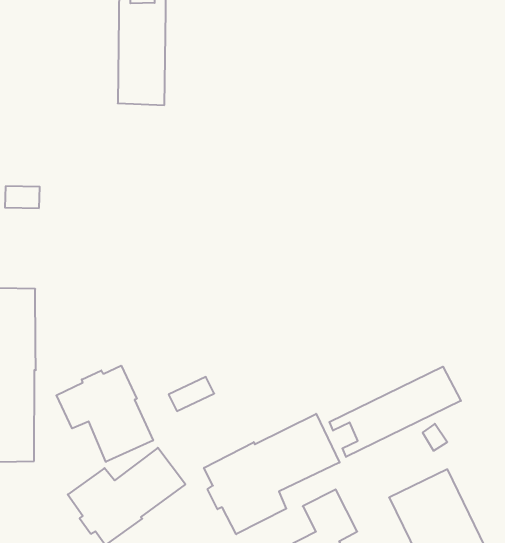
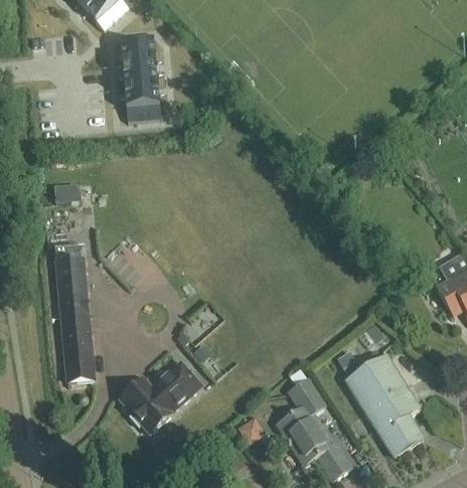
building: [56,366,153,462] -> none
building: [329,367,461,457] -> none
building: [204,414,340,534] -> none

